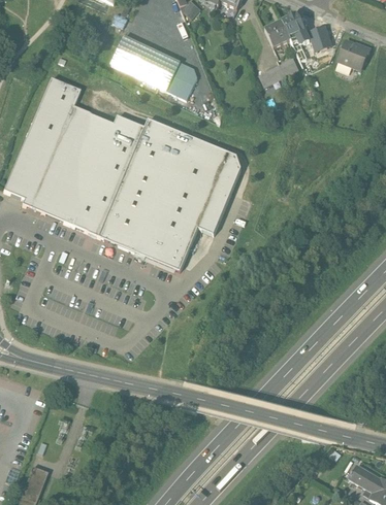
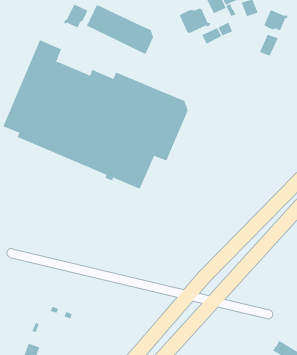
building: none -> [64,4,88,28]
building: none -> [179,8,211,34]
building: none -> [260,34,278,56]

